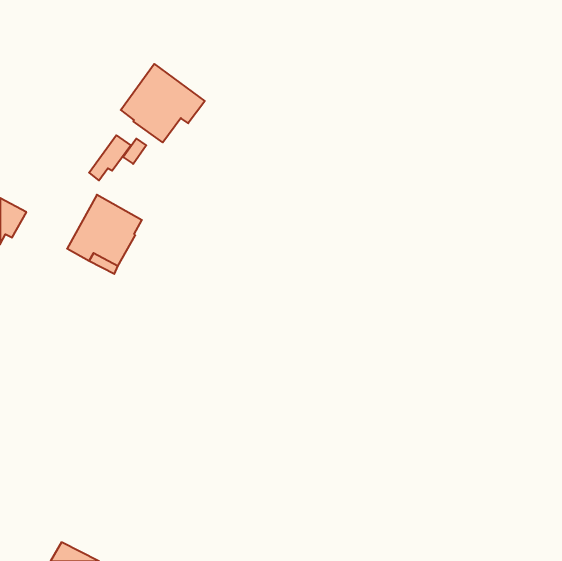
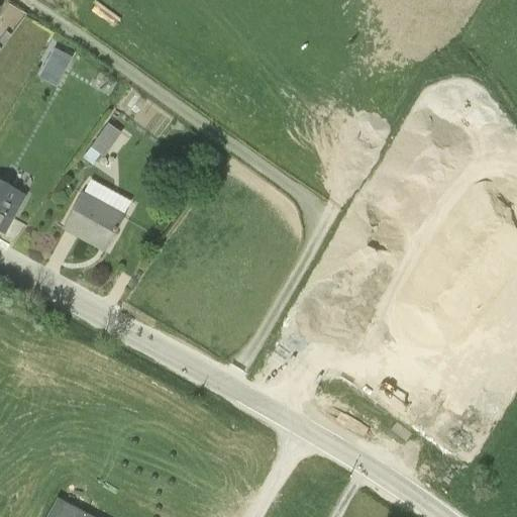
building: none -> [37,48,72,88]
building: [121,64,205,142] -> none

